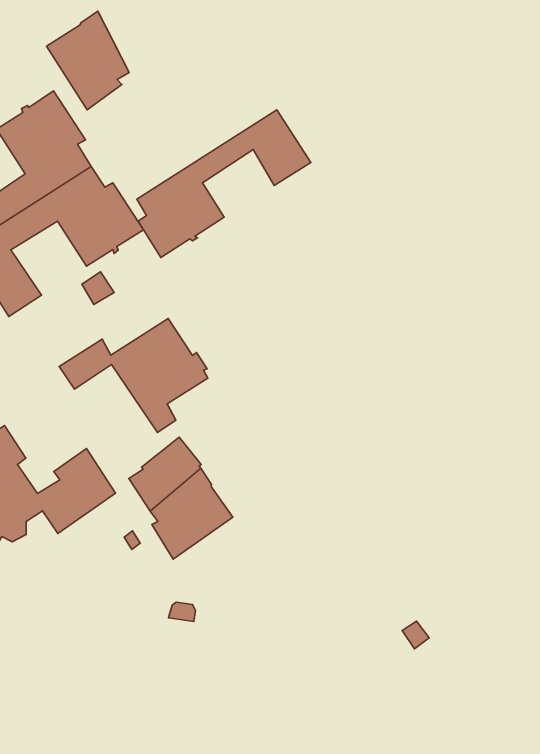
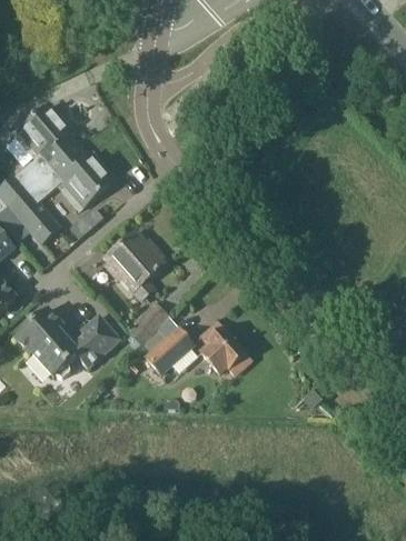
building: [47,11,129,110] -> none
building: [137,110,311,258] -> none
building: none -> [200,321,251,374]

